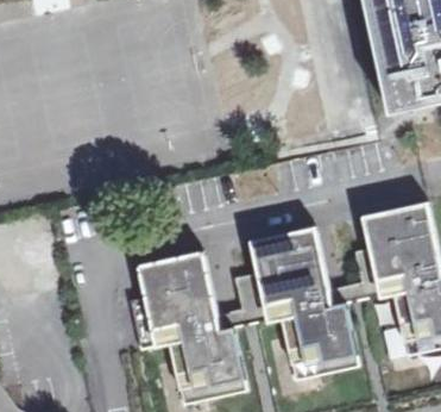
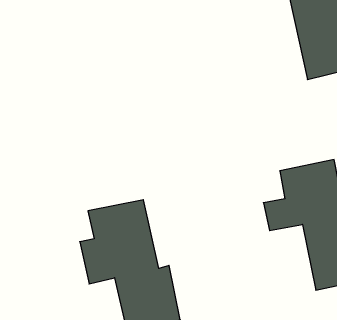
building: [232,225,355,376] -> none

